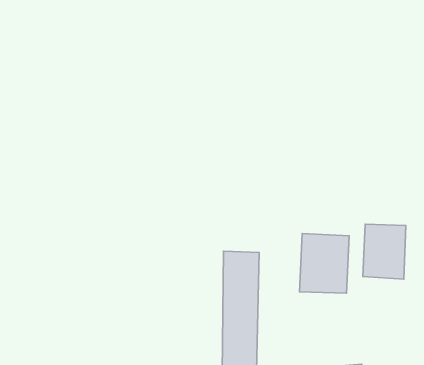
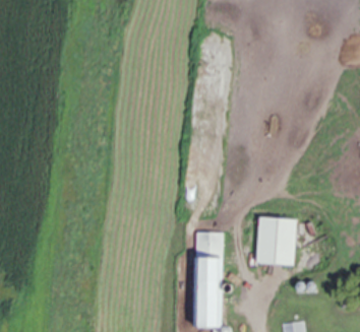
building: [363,224,406,279] -> none

